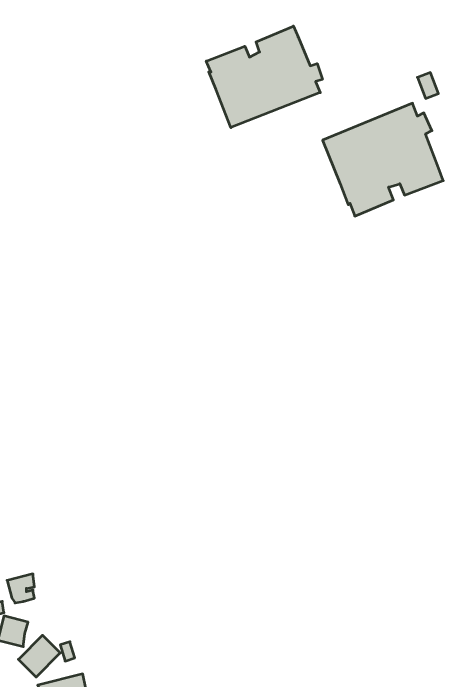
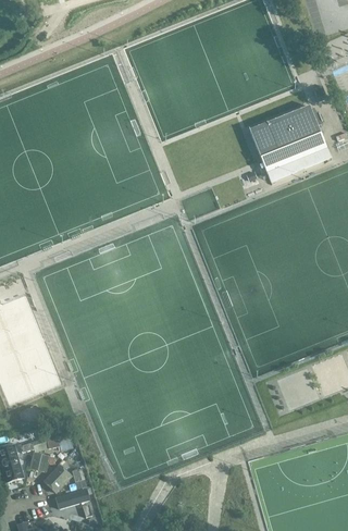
building: [206,26,322,128] -> none

